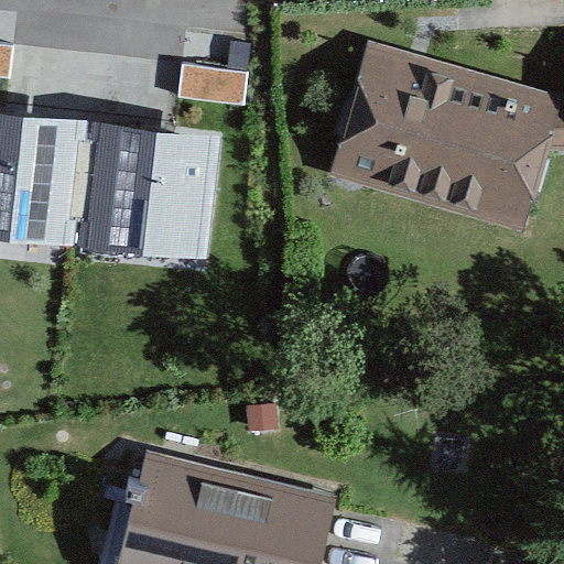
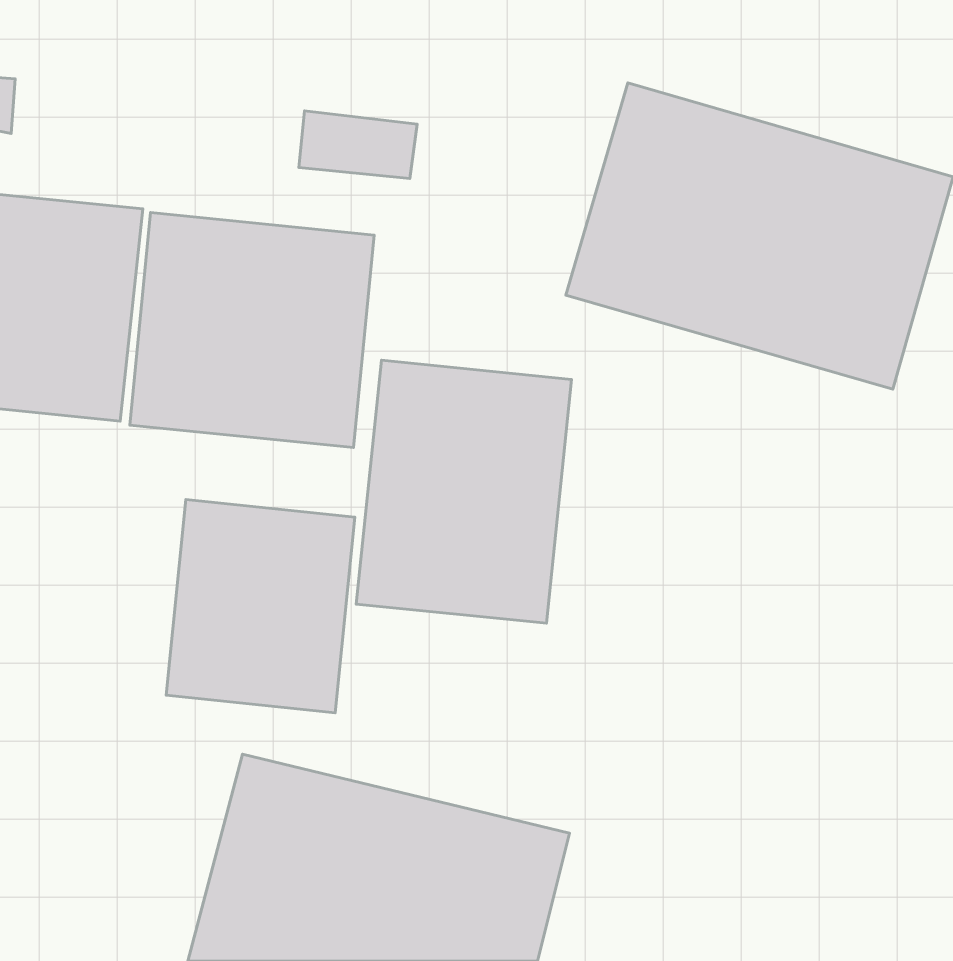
building: none -> [356,360,572,623]
building: none -> [166,500,355,713]

